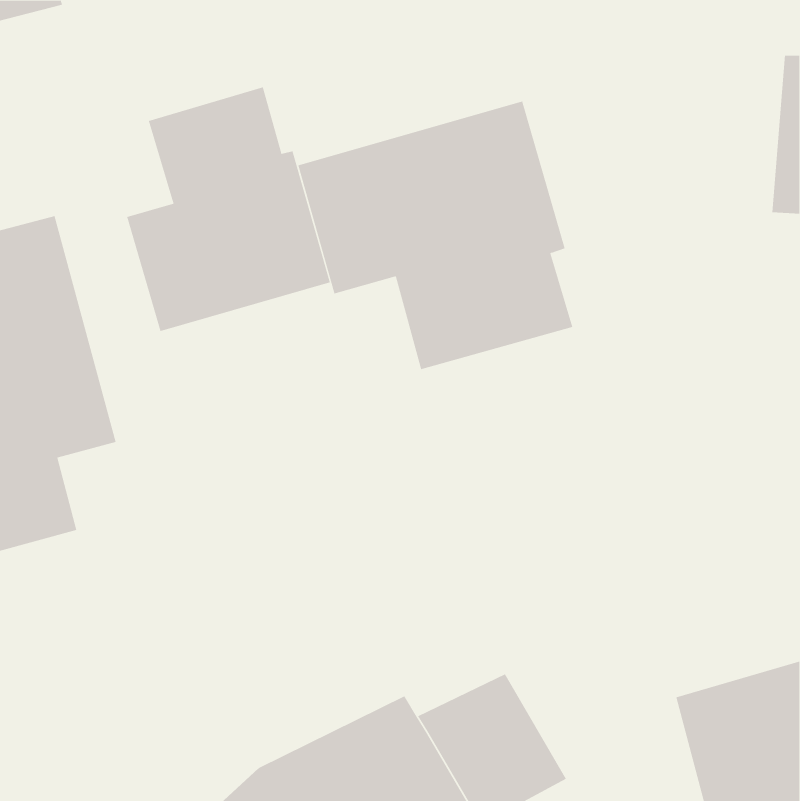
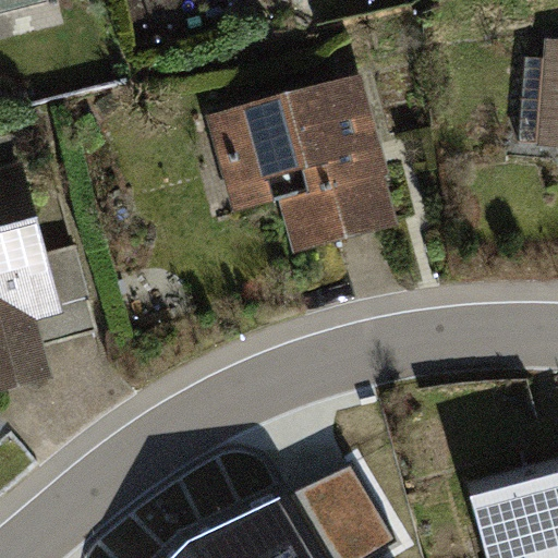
building: [127,86,331,332] -> none

